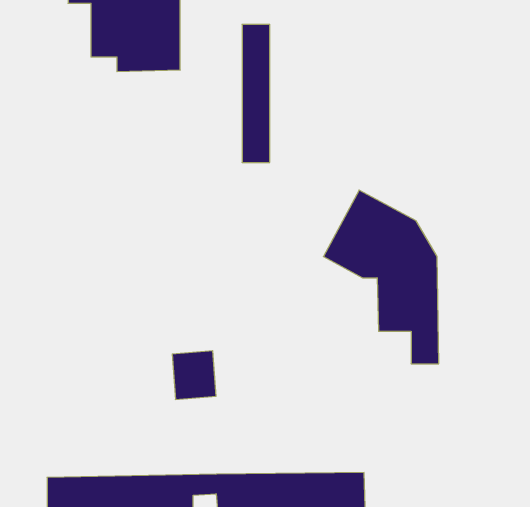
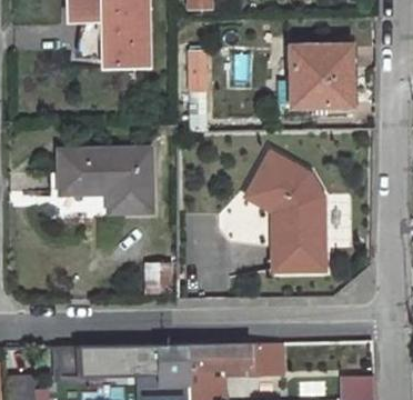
building: none -> [290,44,351,104]
building: none -> [59,150,155,214]
building: none -> [273,210,306,269]

